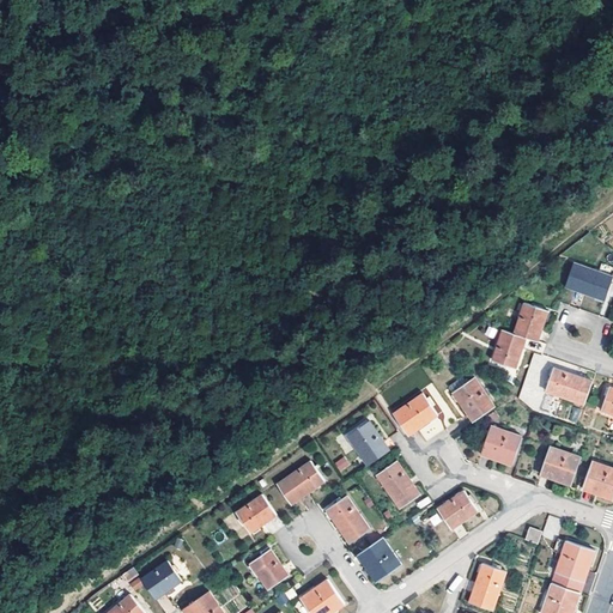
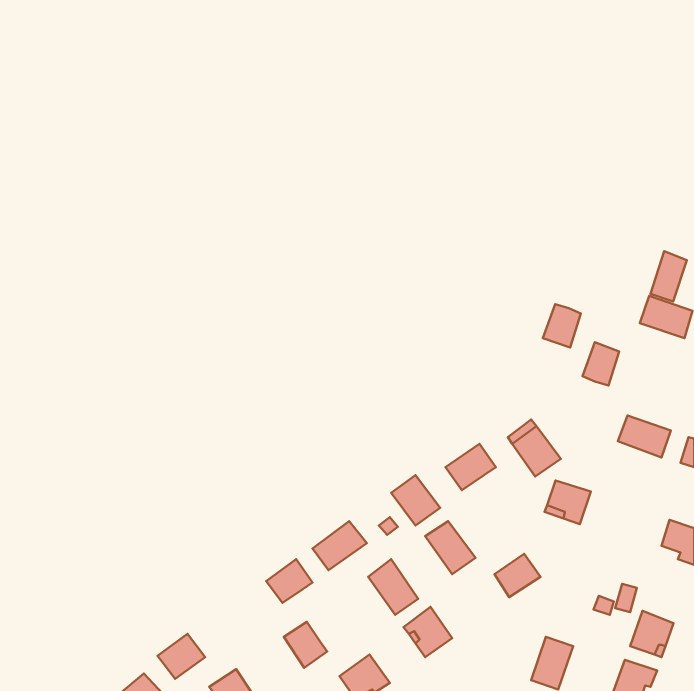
building: none -> [651,251,687,302]
building: [491,330,524,369] -> [543,304,581,348]
building: [541,447,581,486] -> none

